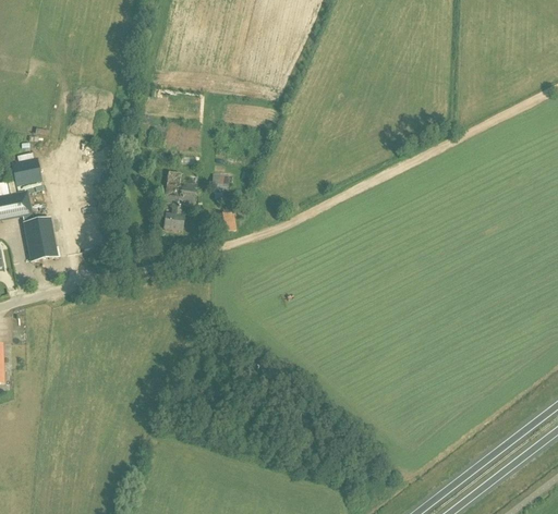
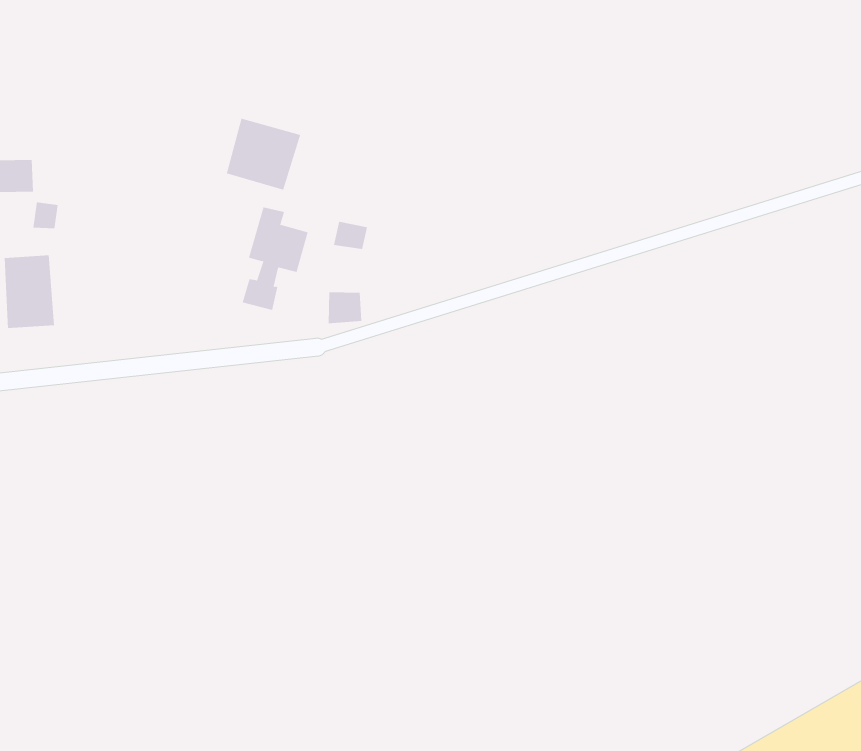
building: none -> [226,118,301,190]

